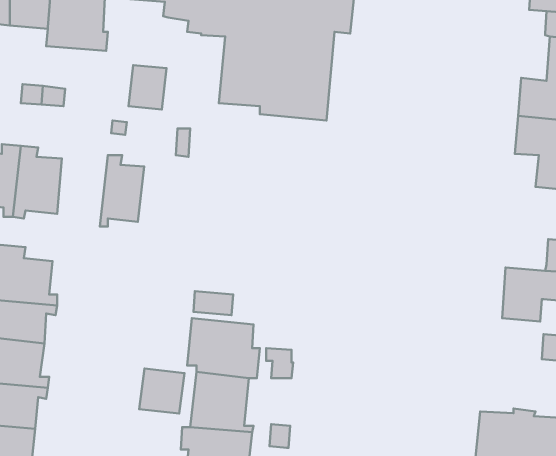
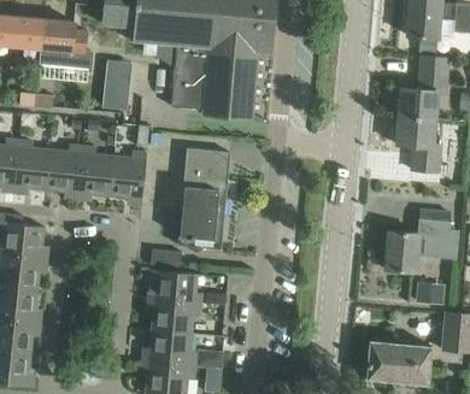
building: none -> [48,143,87,200]
building: none -> [178,148,230,249]
building: none -> [110,149,147,206]
building: [139,368,184,414] -> none

